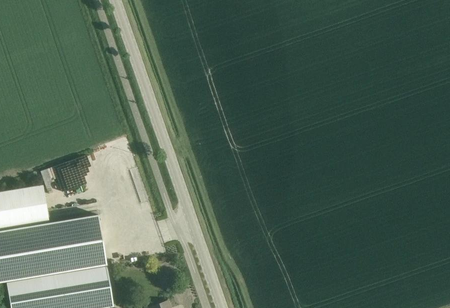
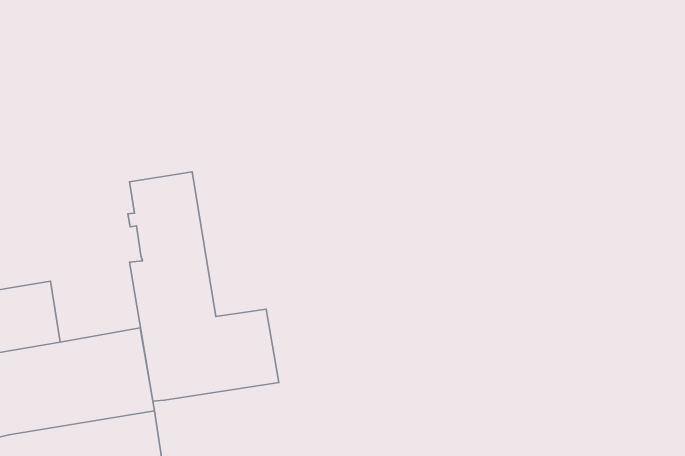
building: none -> [128,172,279,401]

